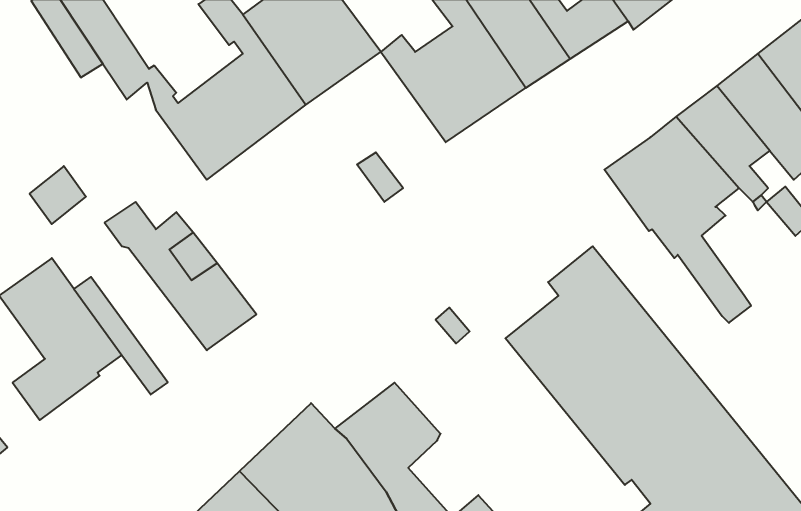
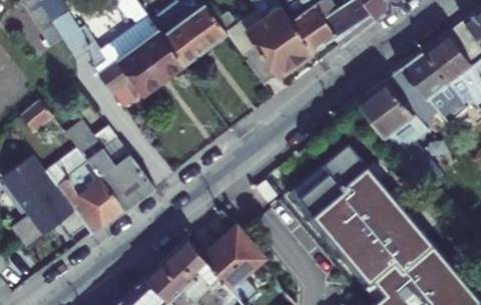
building: none -> [56,146,124,226]

